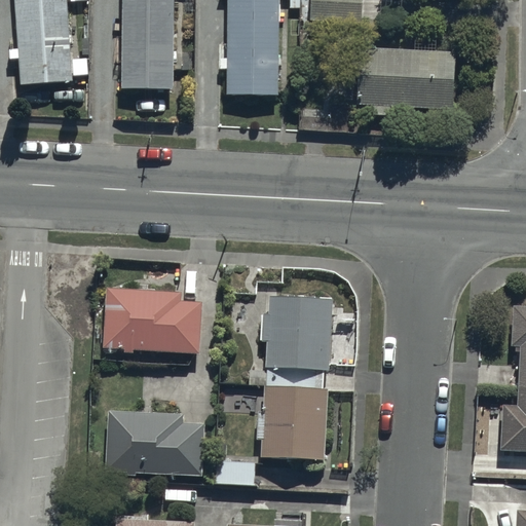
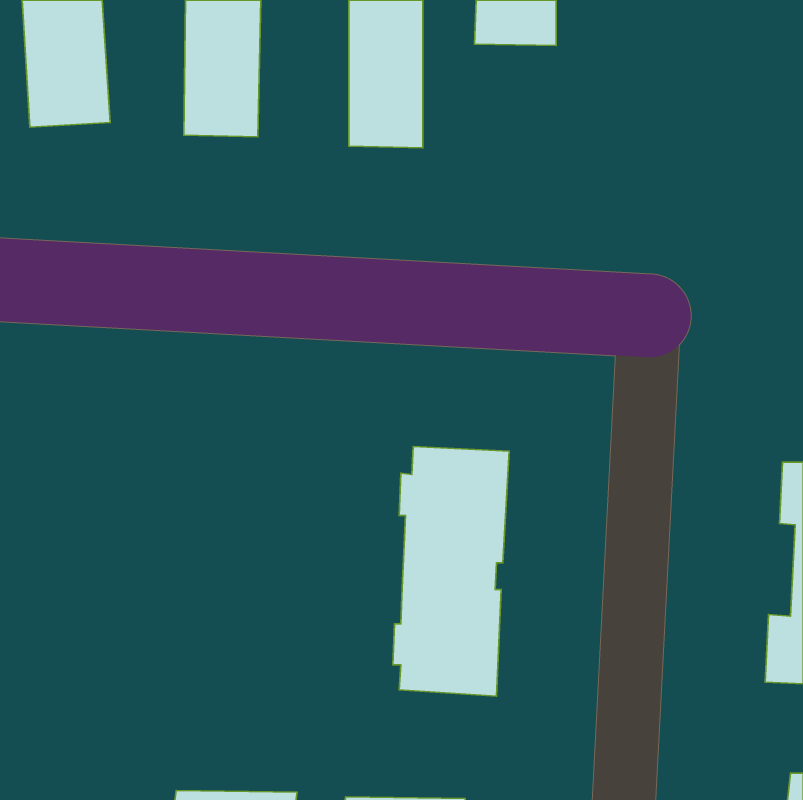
building: [354,49,455,108] -> none
building: [102,286,201,352] -> none
building: [106,411,203,474] -> none

